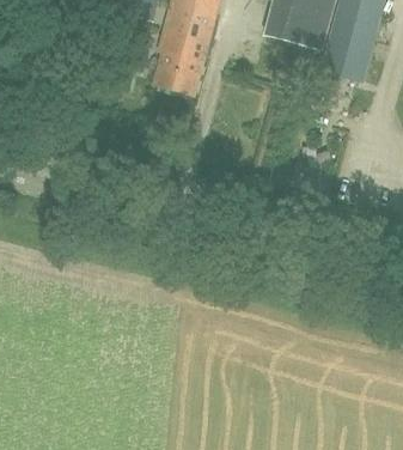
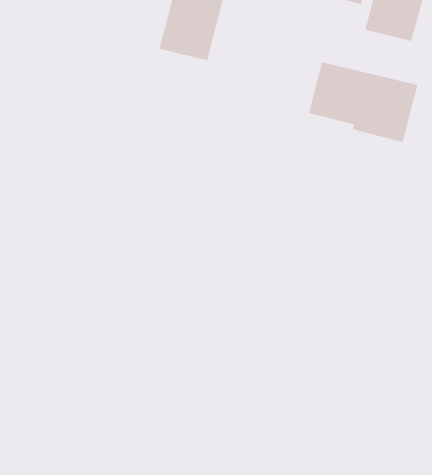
building: none -> [308,62,418,143]

